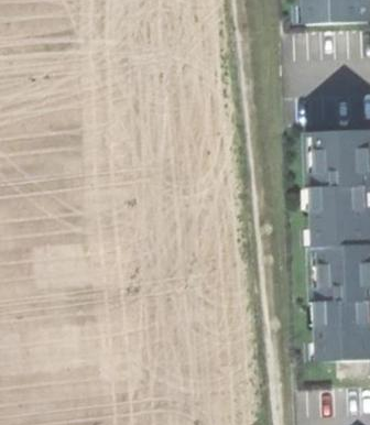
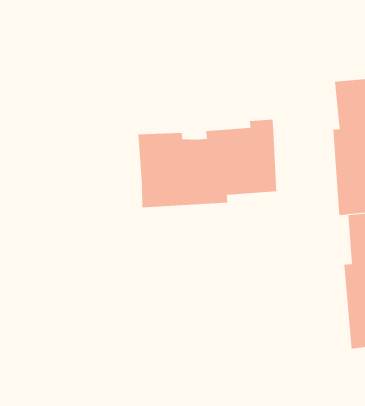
building: none -> [138,119,277,208]

